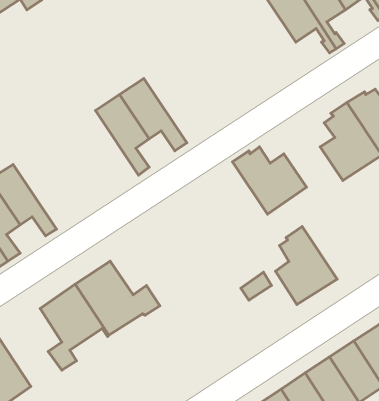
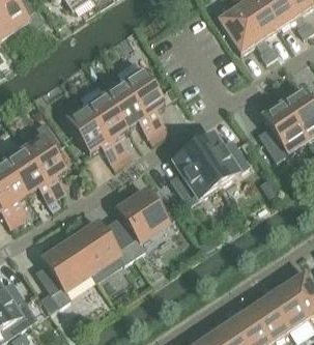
building: none -> [123,67,177,136]
building: none -> [66,106,123,168]
building: none -> [19,122,66,197]
building: none -> [118,190,168,256]
building: [275,227,337,305] -> [171,145,219,205]

